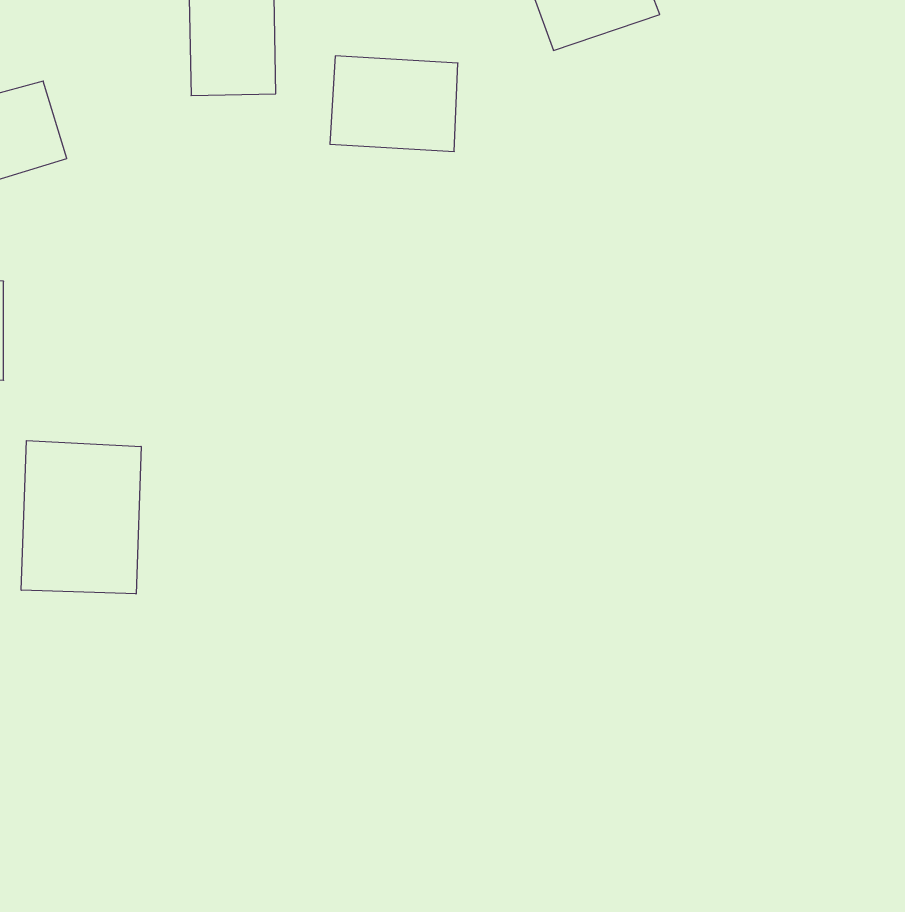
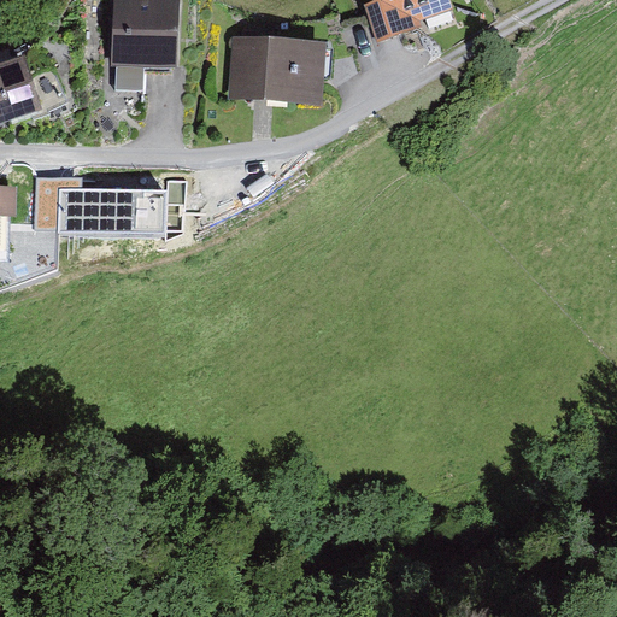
building: none -> [27,175,174,240]
building: [21,441,141,594] -> none

